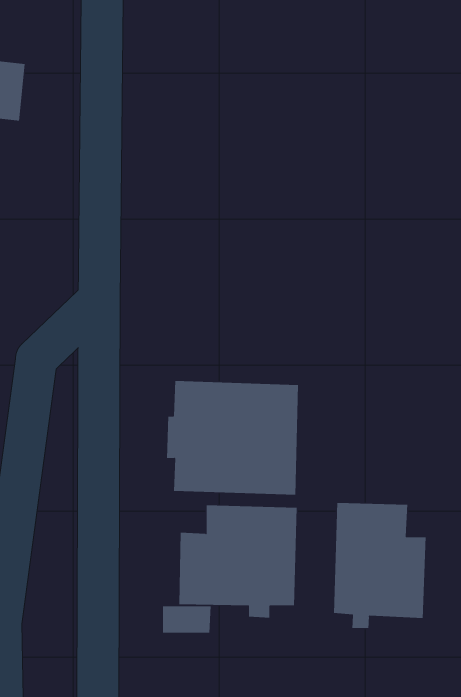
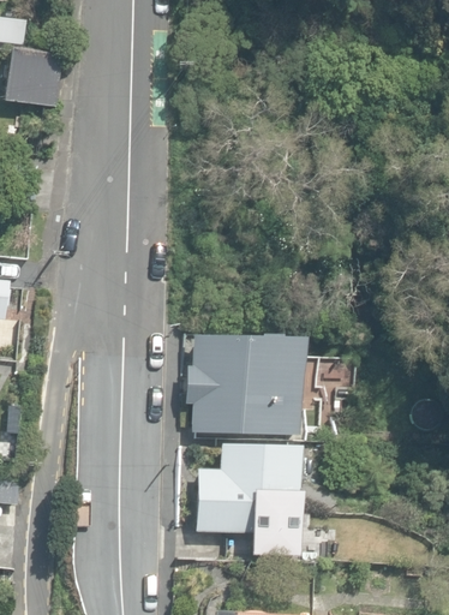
building: [333,502,426,629] -> none

